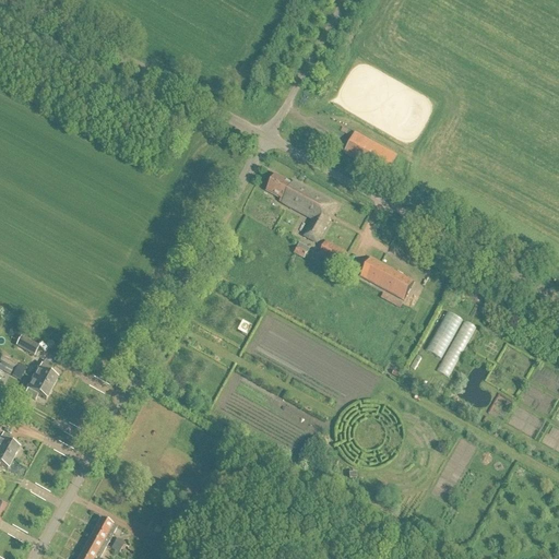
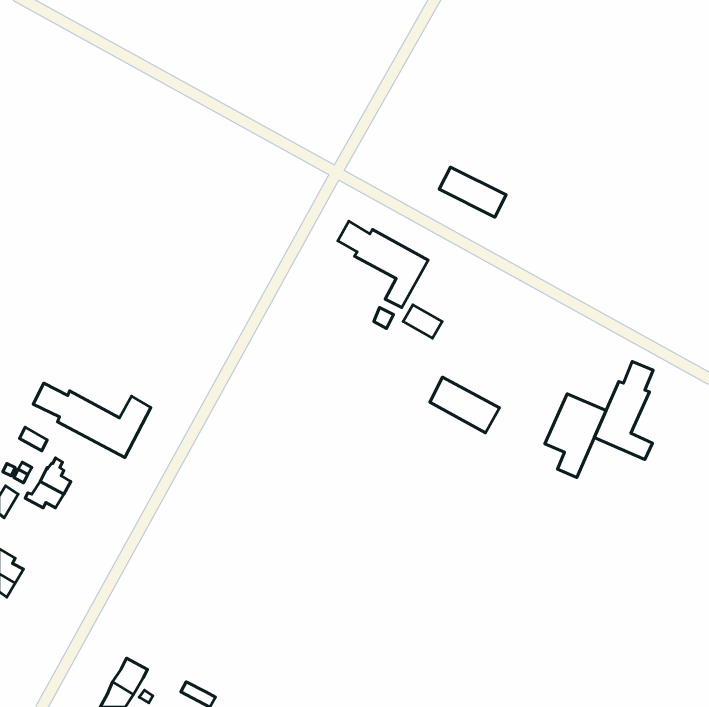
building: [359,257,414,300] -> [430,377,499,433]
building: none -> [594,361,653,459]
building: none -> [33,383,151,458]

